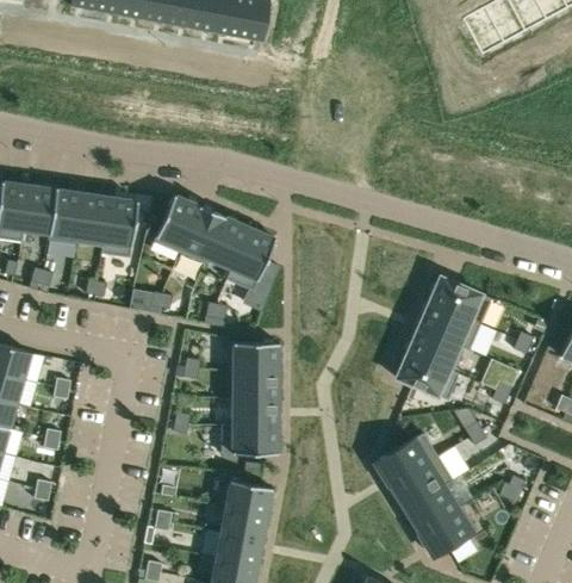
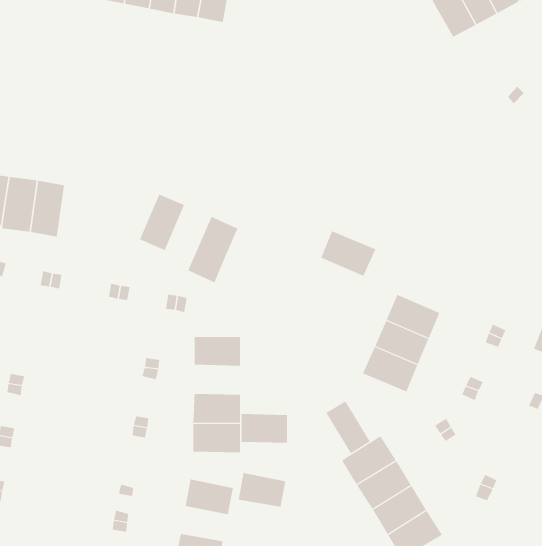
building: [155,194,200,249] -> none
building: [101,197,138,256] -> none
building: [206,216,250,271] -> none
building: [429,275,483,320] -> [320,230,376,276]
building: [234,370,279,398] -> [241,414,288,443]
building: none -> [326,400,371,454]
building: [220,506,267,539] -> [238,472,286,507]

